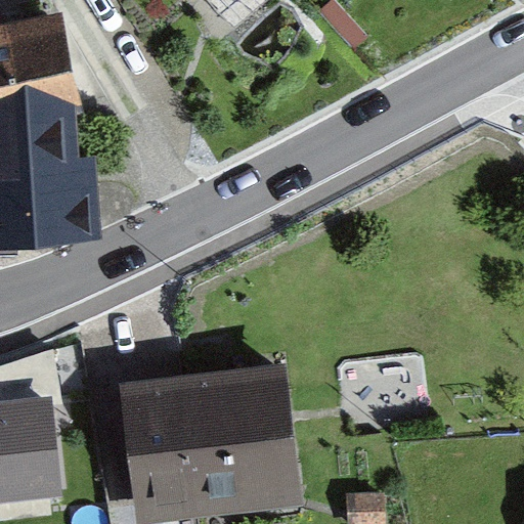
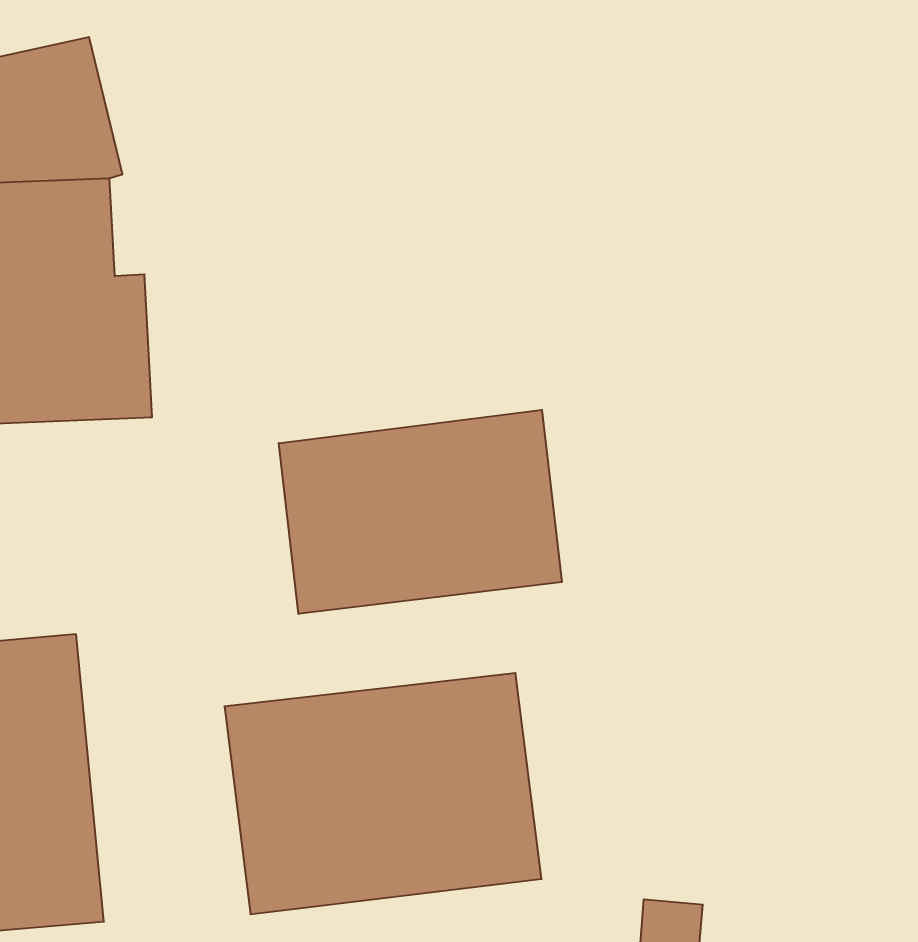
building: none -> [279,410,562,614]

